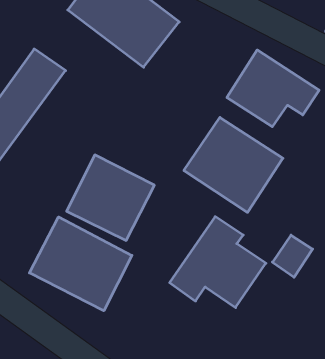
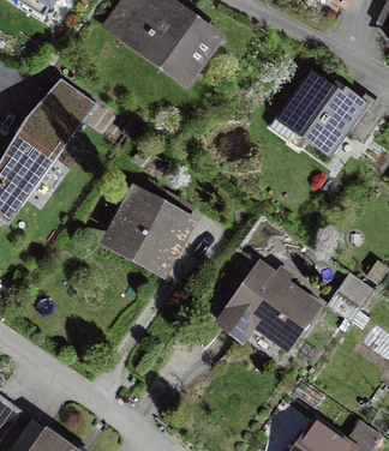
building: [184,117,283,212] -> none
building: [29,217,132,311] -> none

